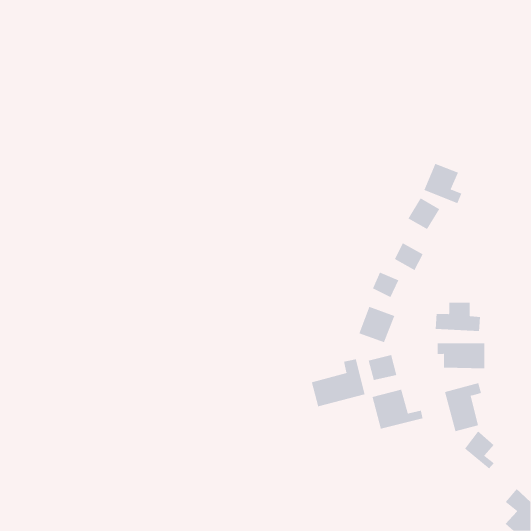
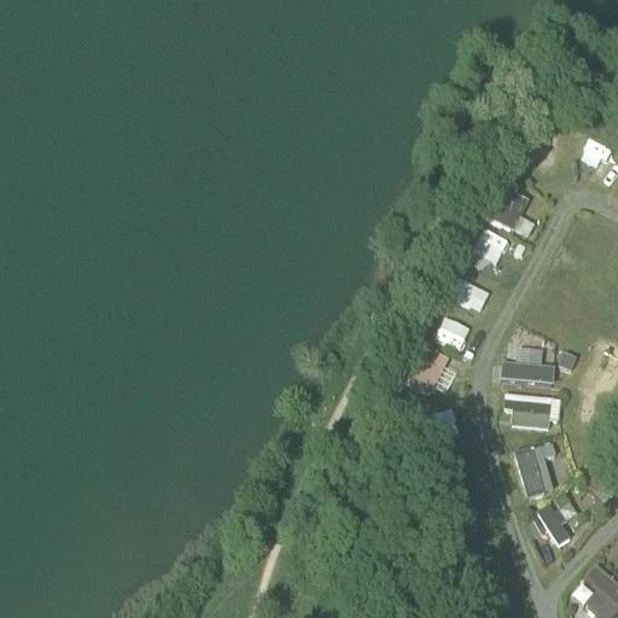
building: [311,358,365,407] -> none
building: [372,389,423,430] -> none

